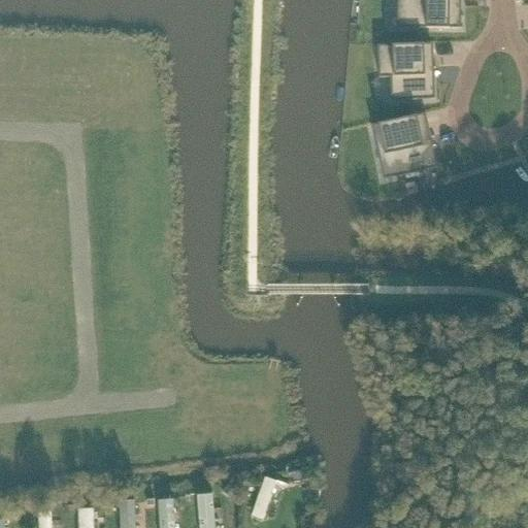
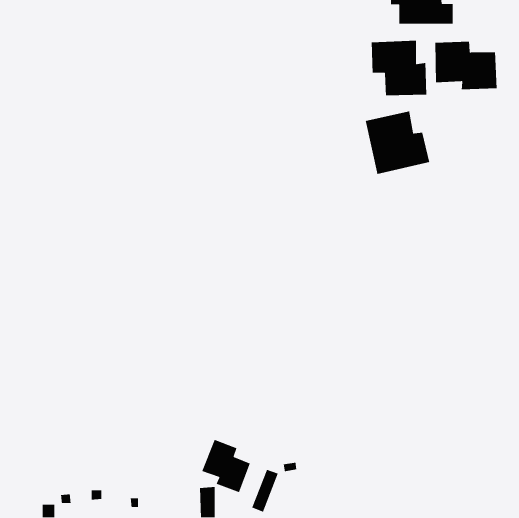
building: none -> [434,41,497,90]
building: none -> [201,439,251,493]

